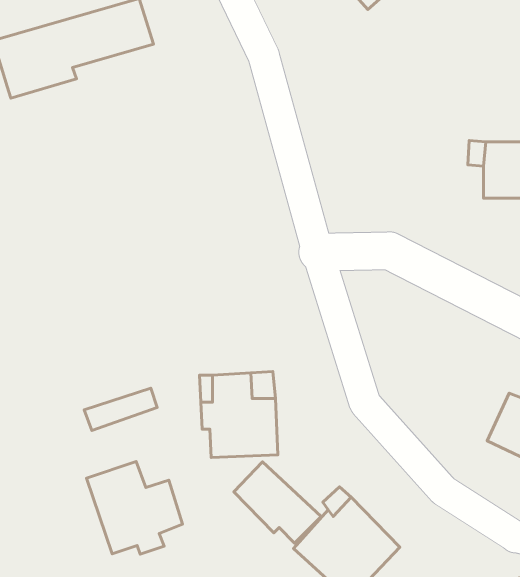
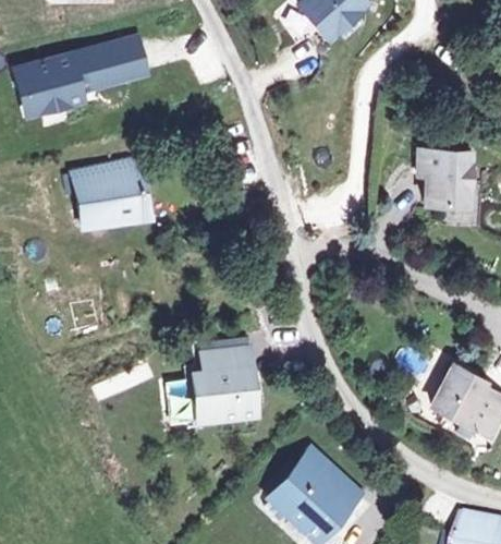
building: none -> [70,164,149,231]
building: [86,462,183,554] -> none
building: [234,462,321,543] -> none

